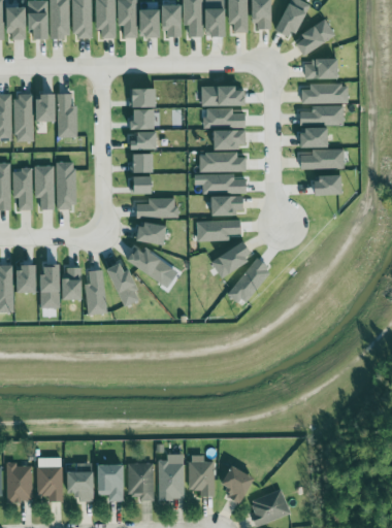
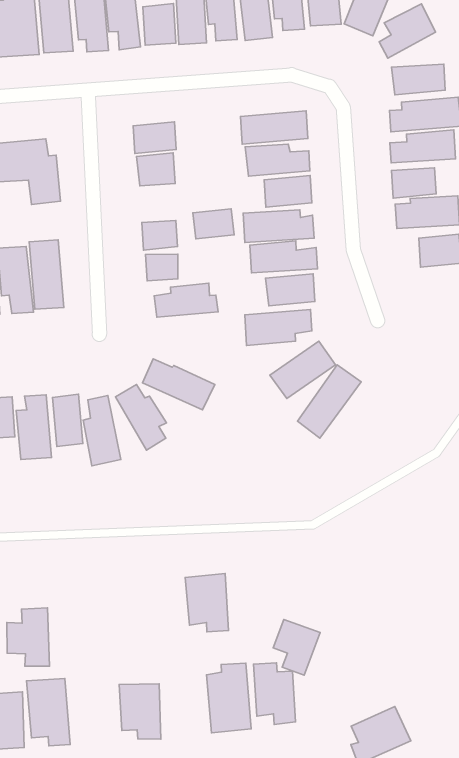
building: [131,132,158,151] -> [193,209,234,239]
building: [138,225,166,243] -> none
building: [65,462,94,501] -> [7,608,49,666]
building: [126,462,153,500] -> [185,574,228,632]
building: [222,465,254,503] -> [273,619,320,675]

